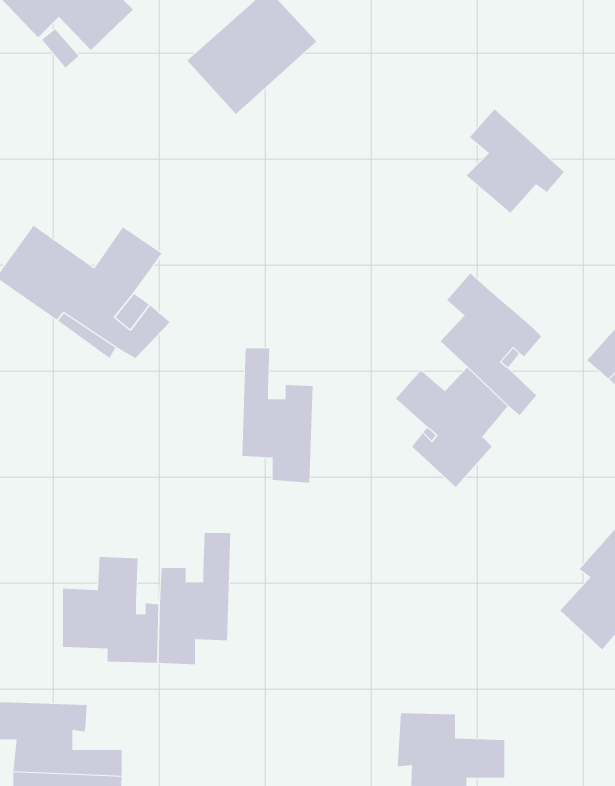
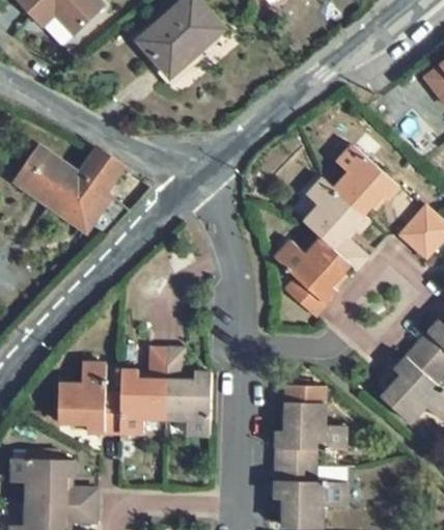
building: [466,108,565,214] -> [333,144,397,213]
building: [242,348,313,483] -> [164,346,211,435]
building: none -> [275,385,343,465]

